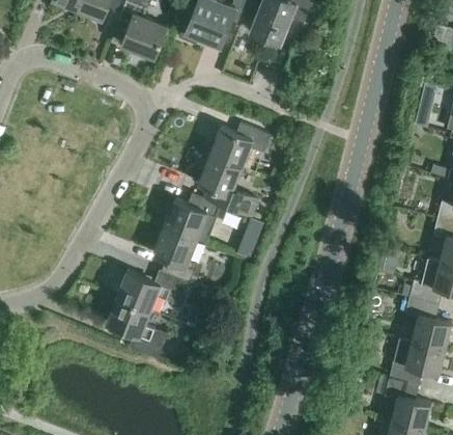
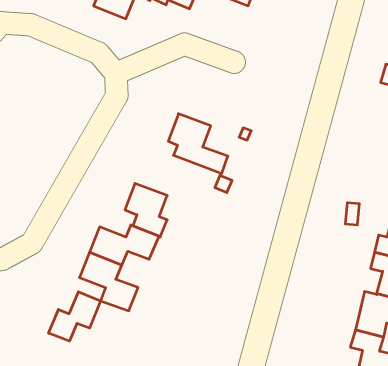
building: [208,124,271,168] -> none
building: [164,193,220,240] -> none
building: none -> [49,292,101,341]

